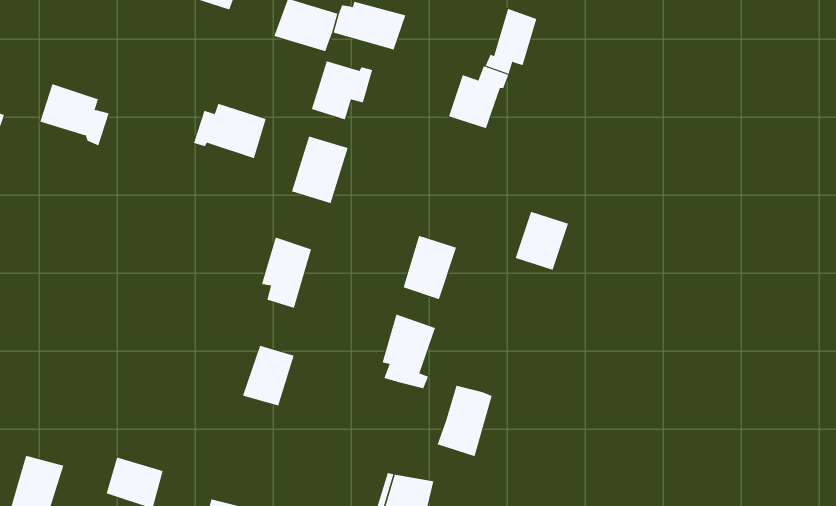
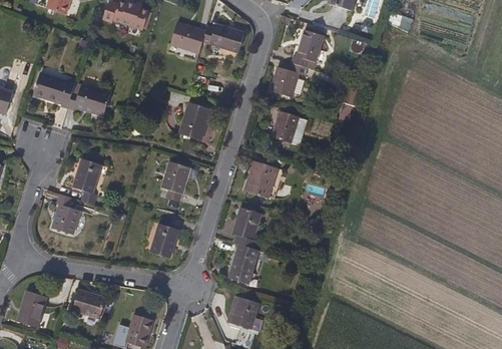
building: [311,60,373,120] -> none
building: [193,103,267,159] -> [68,85,110,117]
building: [515,211,569,271] -> [268,111,299,145]
building: none -> [72,158,102,205]
building: none -> [56,194,82,235]
building: [437,385,493,457] -> [227,244,260,285]

